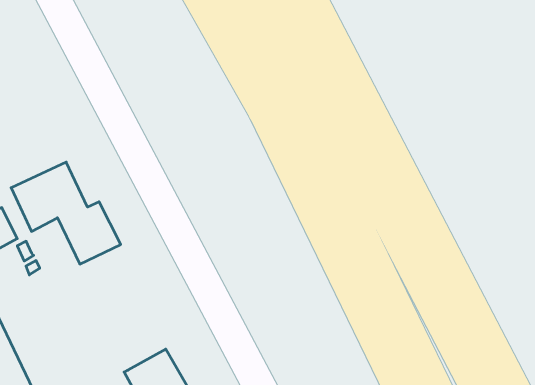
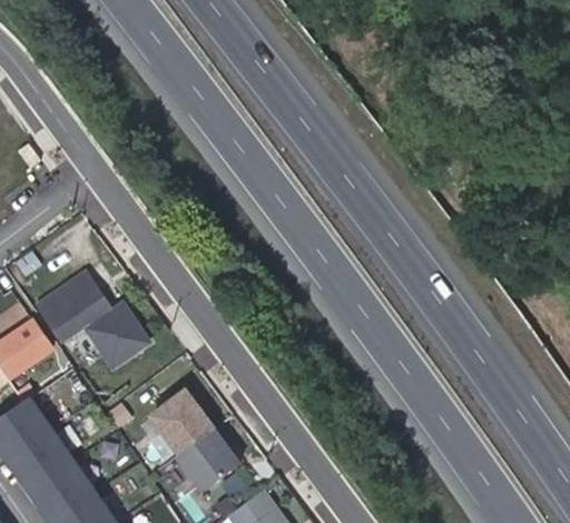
building: none -> [147,393,208,455]

